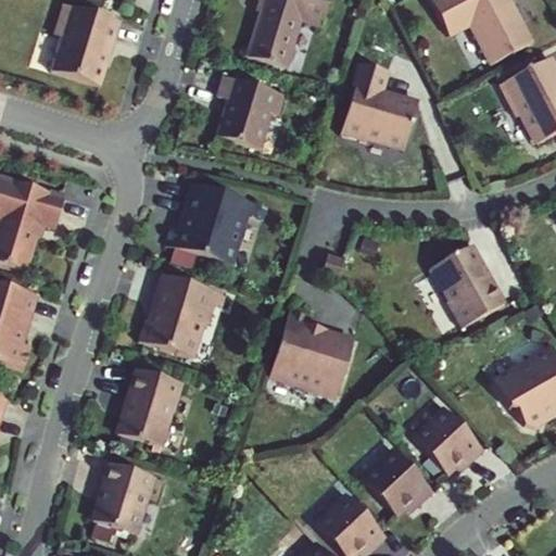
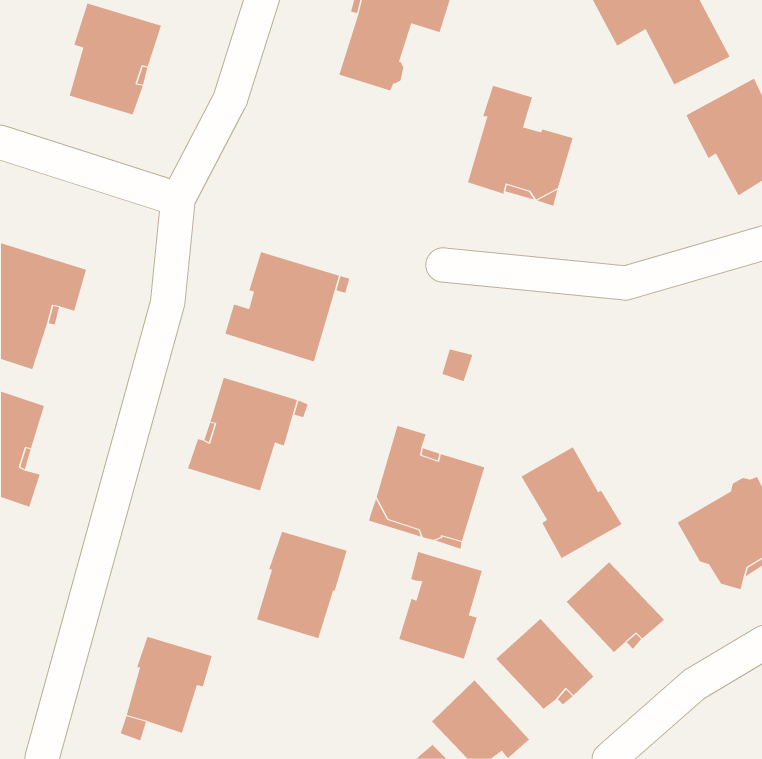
building: [217,74,283,148] -> none
building: [432,244,506,326] -> [521,446,622,559]
building: [117,368,184,446] -> [256,531,347,639]
building: none -> [398,551,483,660]

